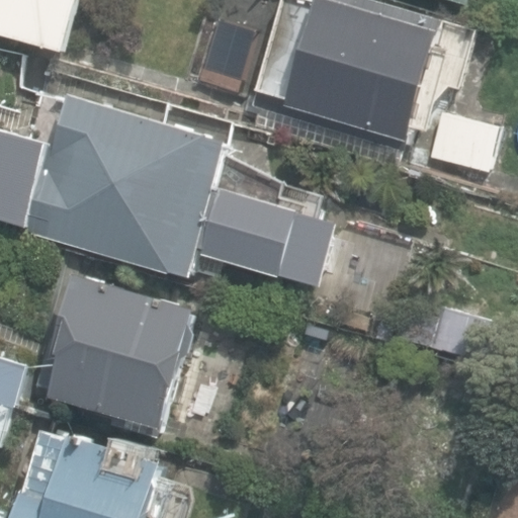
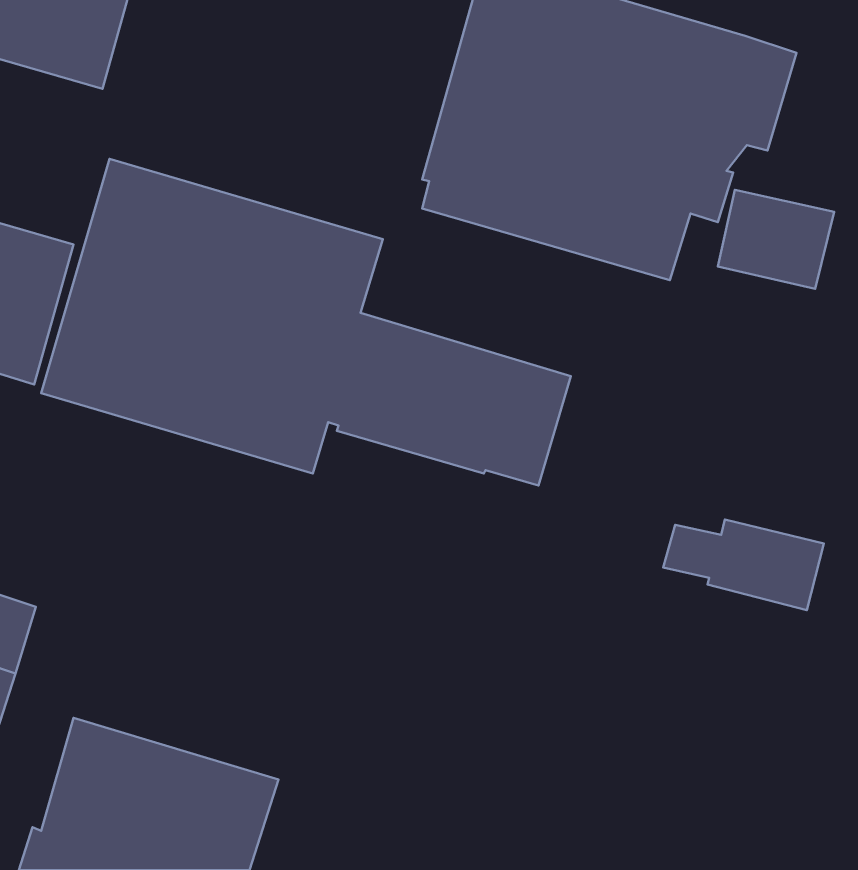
building: [47,272,196,430] -> none

